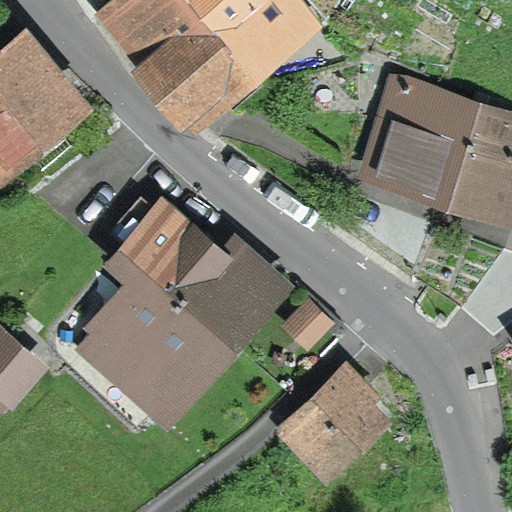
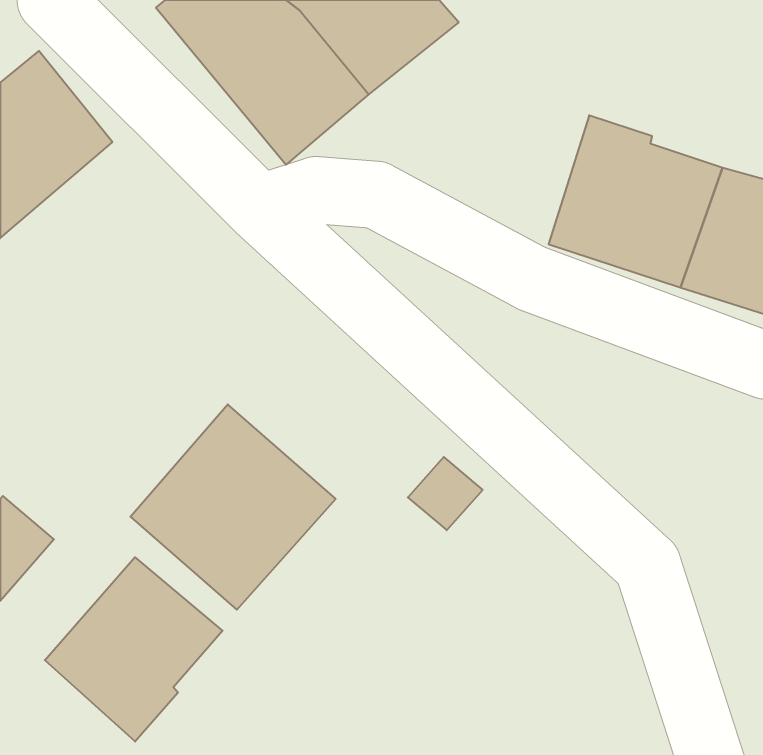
building: [115,202,277,340] -> none
building: [288,374,374,471] -> none
building: none -> [45,557,223,742]

